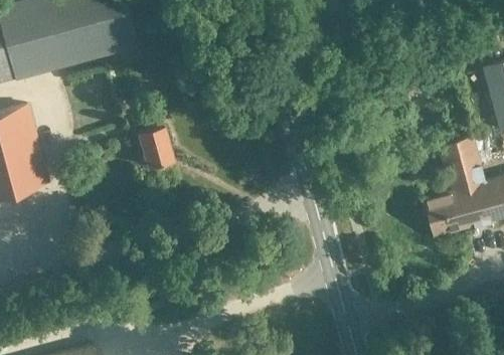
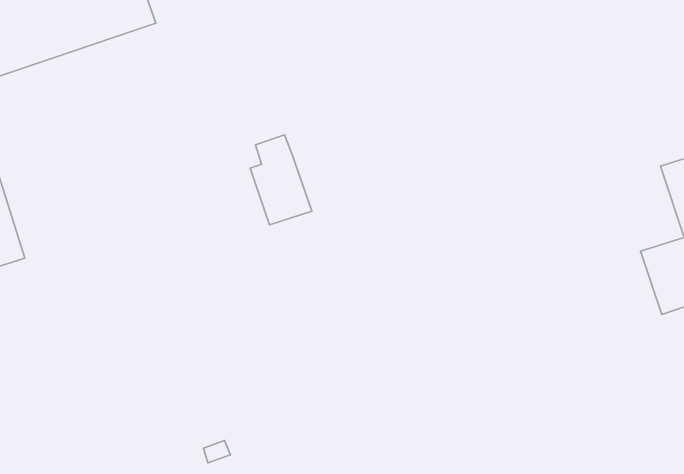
building: [138,115,174,169] -> [250,135,312,225]

